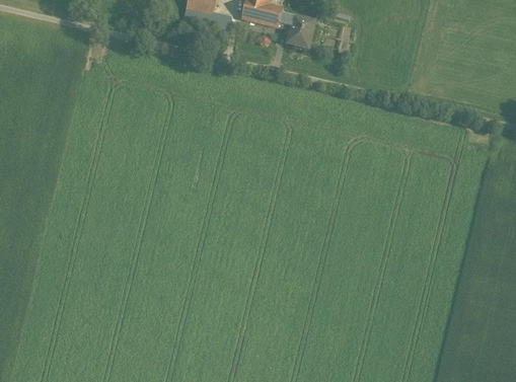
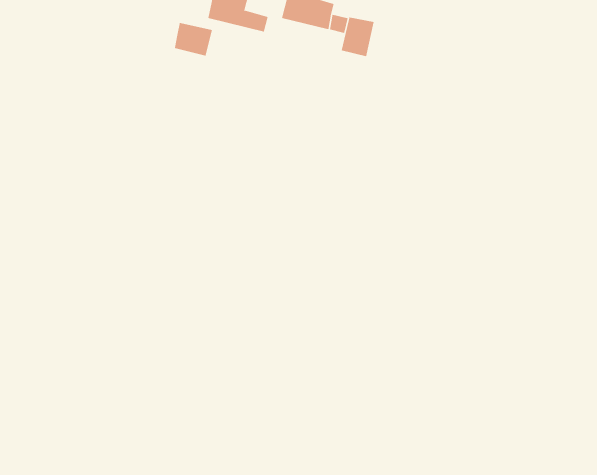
building: none -> [174,22,212,56]

